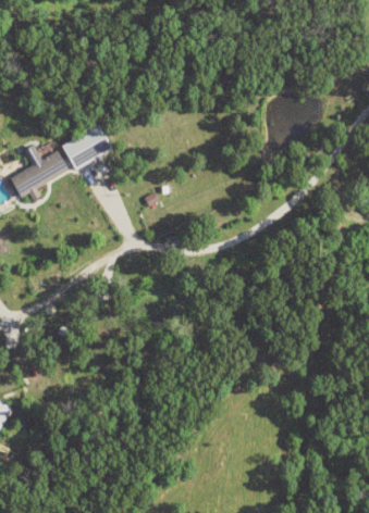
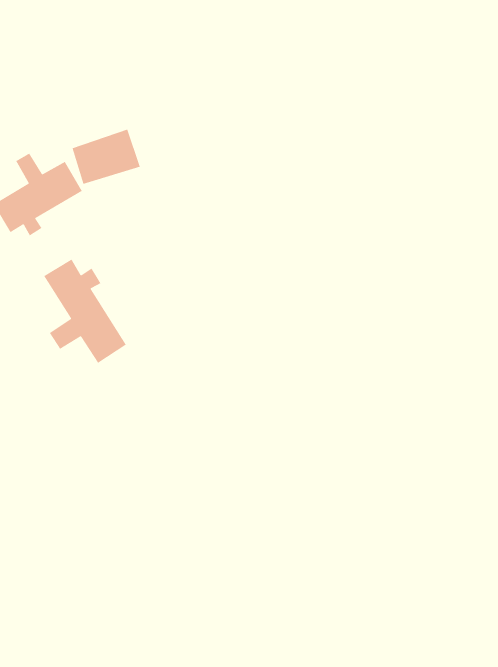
building: none -> [43,259,127,364]

